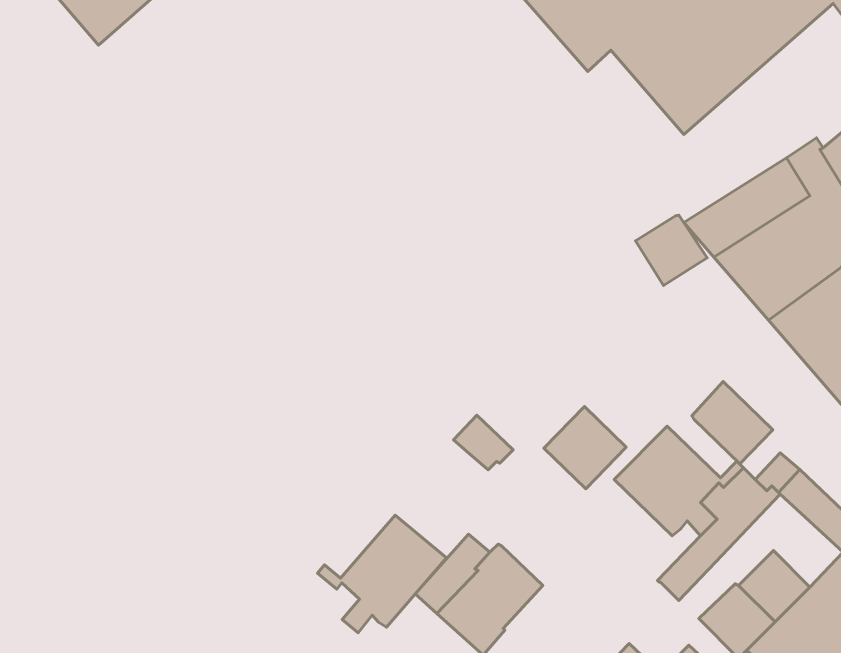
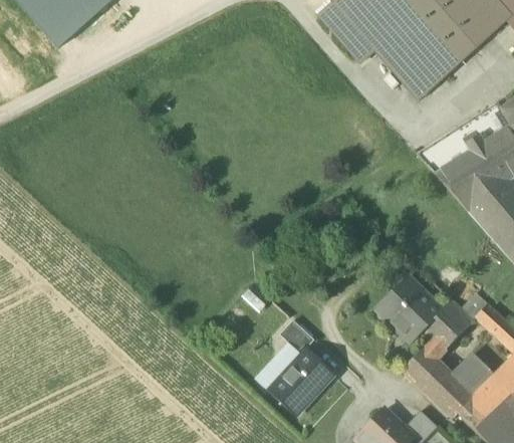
building: [636,215,707,285] -> none
building: [692,382,773,464] -> none
building: [544,406,626,489] -> none
building: [454,415,513,470] -> [279,319,315,353]
building: [318,515,446,633] -> none
building: none -> [415,359,449,393]

